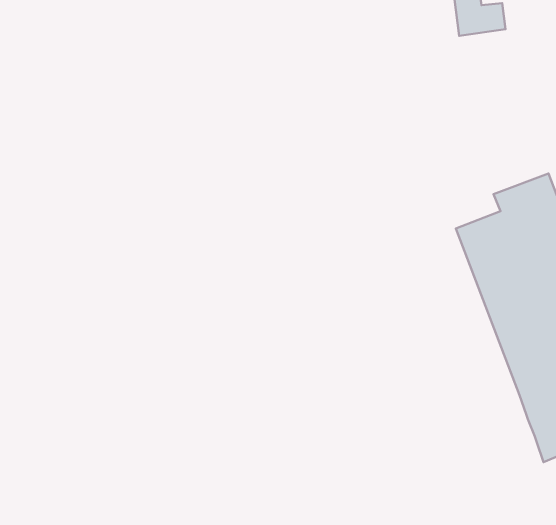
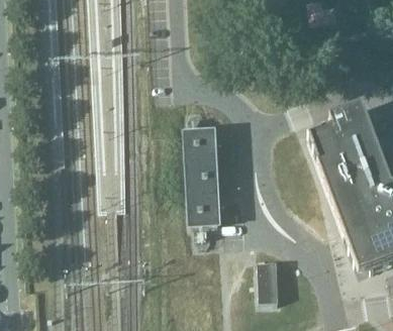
building: none -> [184,132,218,227]
building: none -> [256,263,277,305]

